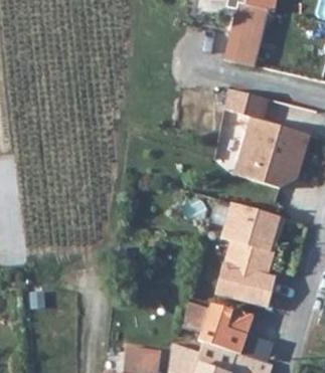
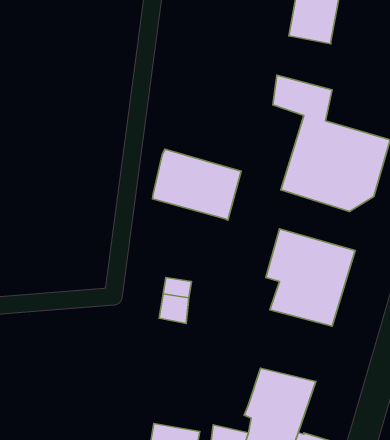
building: none -> [152,149,241,220]
building: [209,261,270,309] -> none

